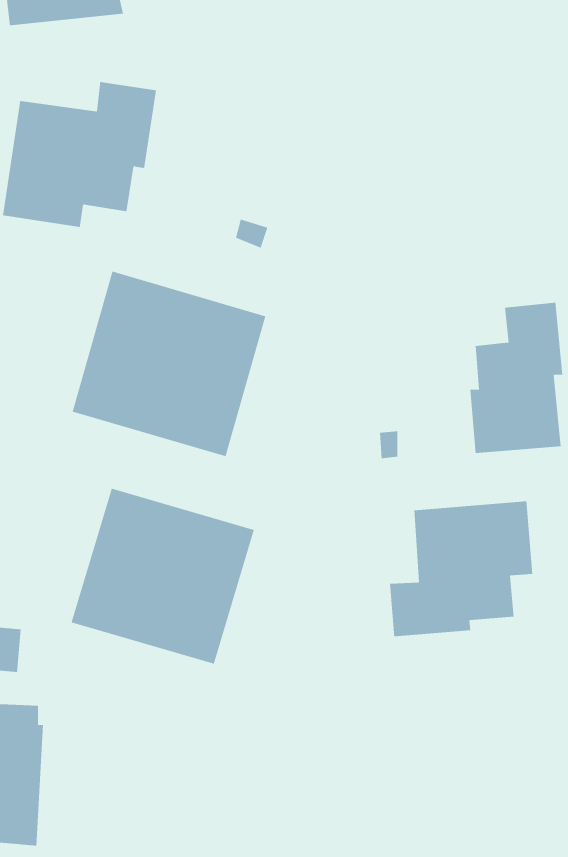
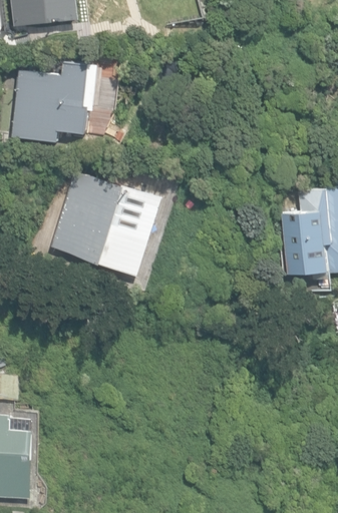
building: [71,488,255,665] -> none
building: [389,501,533,637] -> none

